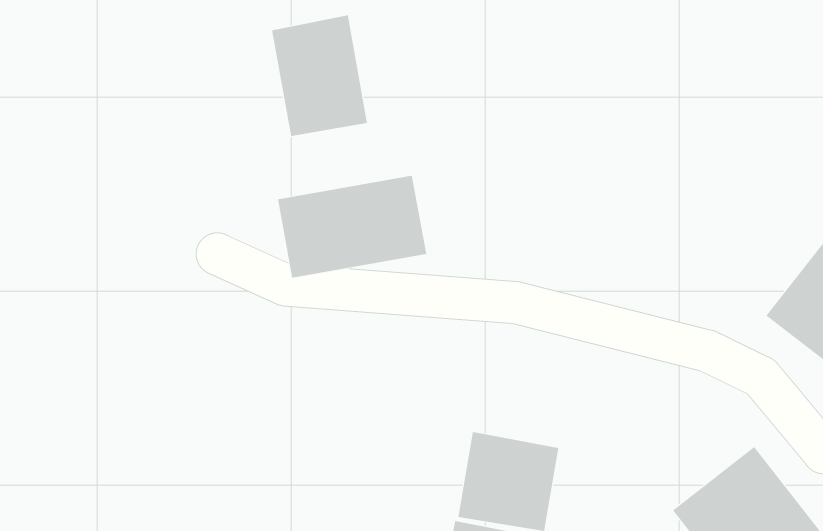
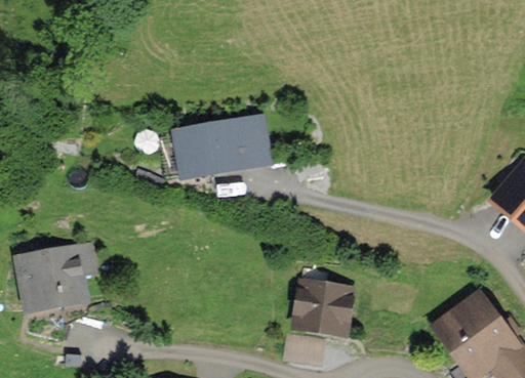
building: [272,14,368,137] -> none
building: none -> [11,240,99,319]

